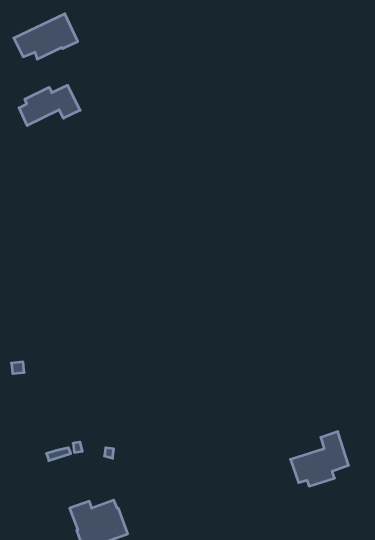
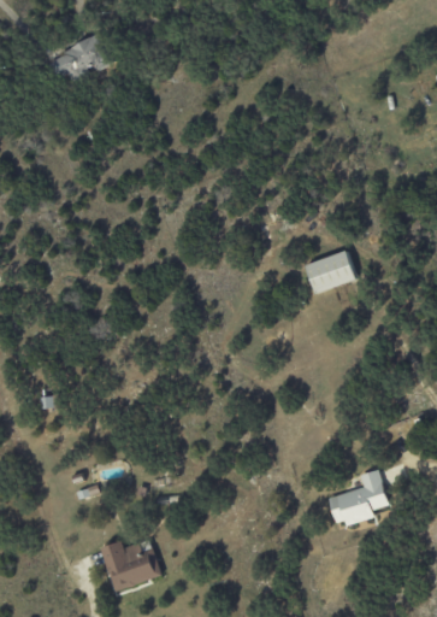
building: [19,85,80,126] -> none
building: none -> [301,248,358,294]

